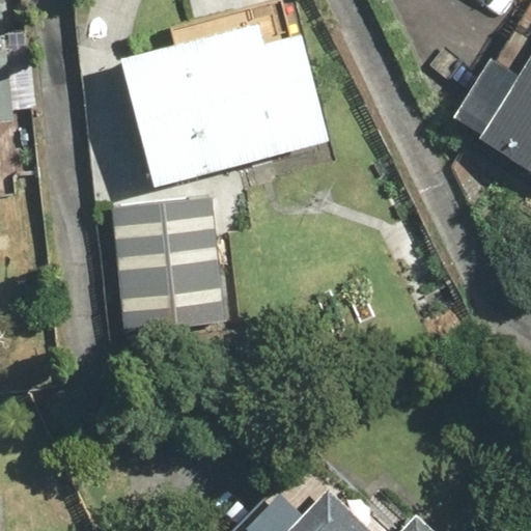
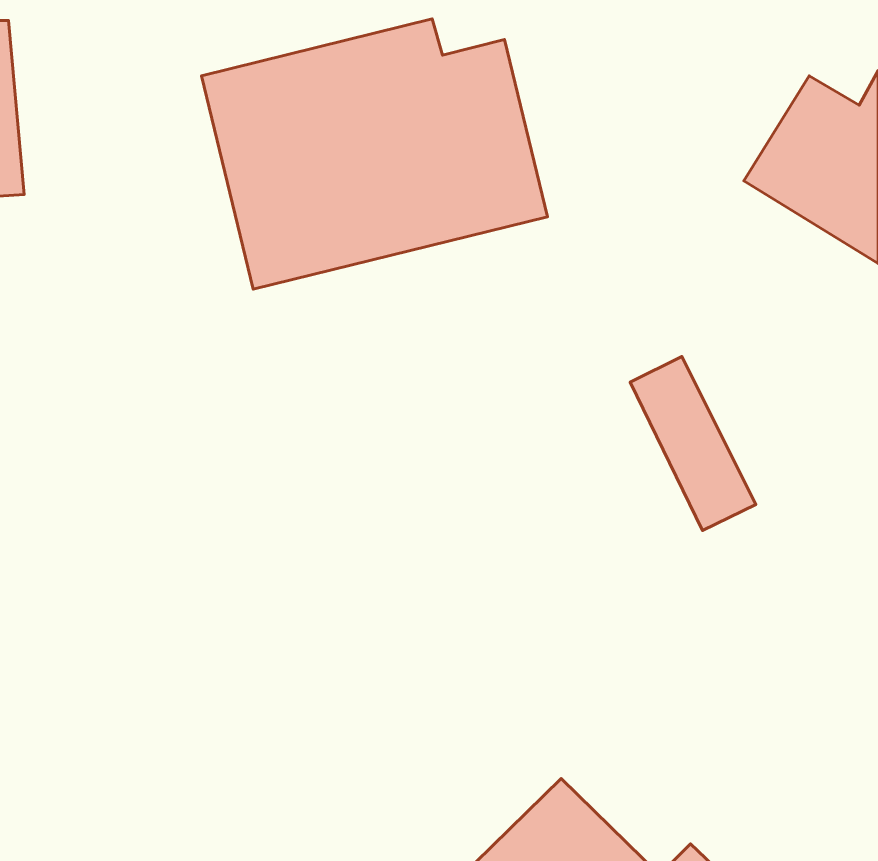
building: [110,196,226,340] -> none

